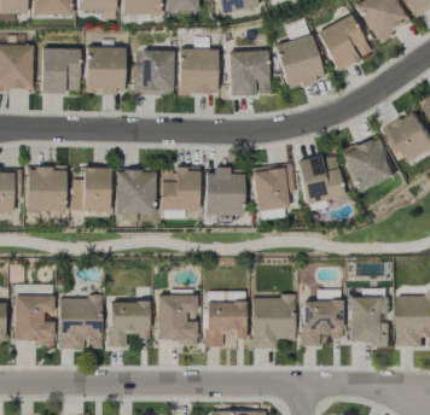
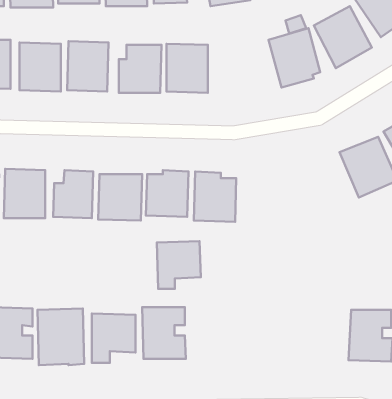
building: [228,49,269,95] -> none
building: [297,153,344,204] -> none
building: [251,163,295,211] -> none
building: [251,296,295,347] -> none
building: [302,300,343,345] -> none
building: [205,302,246,346] -> [157,241,201,289]

